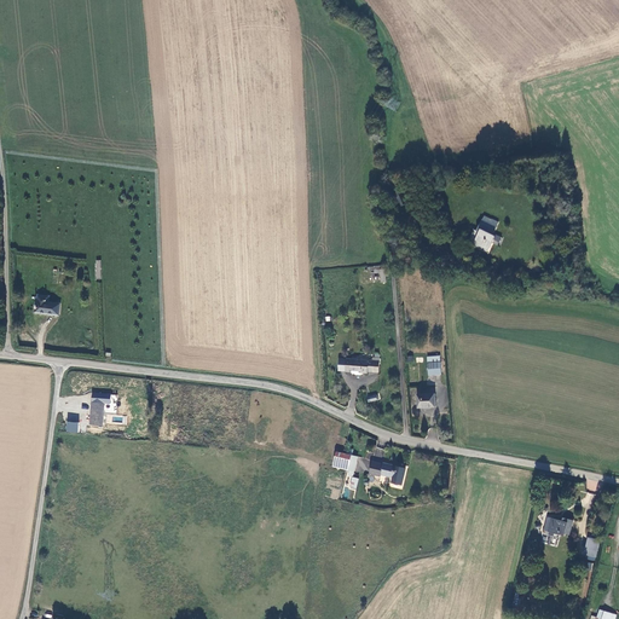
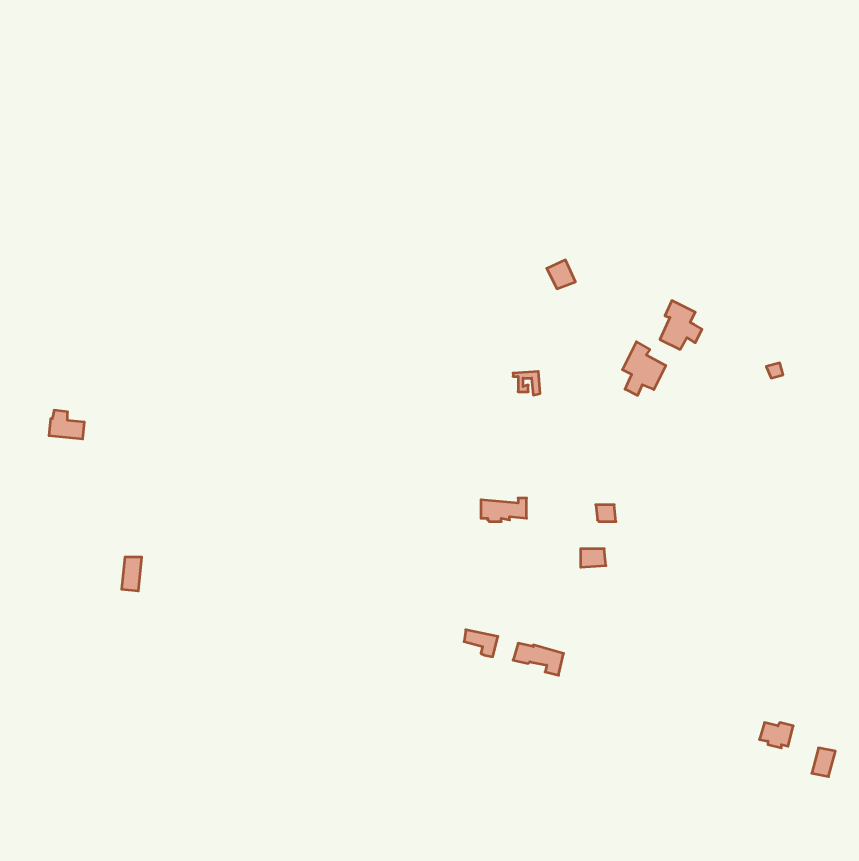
building: none -> [622,342,666,395]

